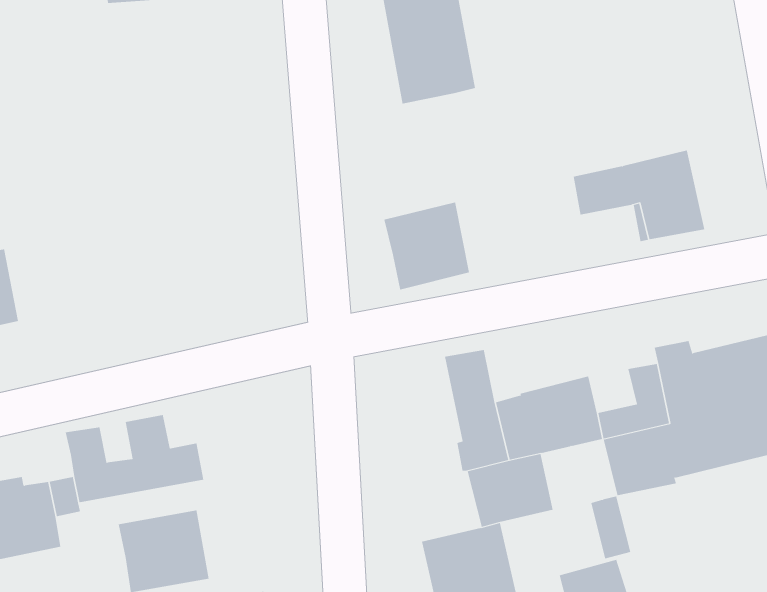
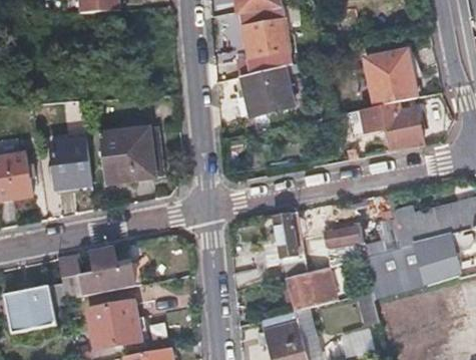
building: none -> [366,50,416,106]
building: [383,202,470,290] -> [239,64,288,114]
building: none -> [99,130,163,184]
building: none -> [52,141,85,188]

